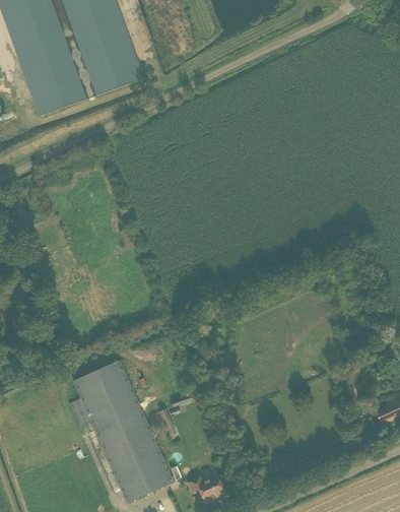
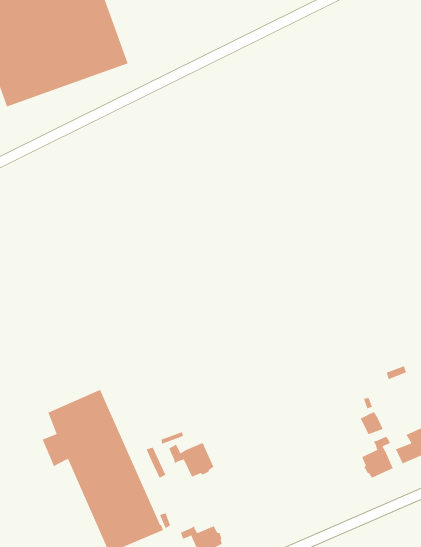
building: none -> [362,436,393,478]
building: none -> [168,442,214,478]

